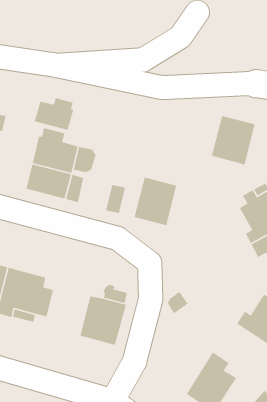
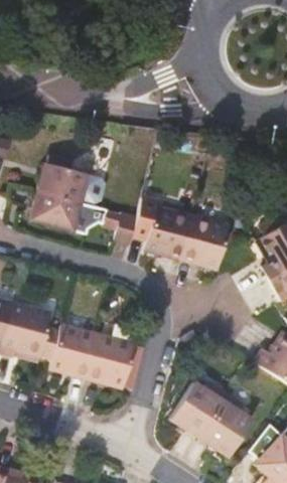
building: [34,97,74,131] -> none
building: [211,115,256,166] -> [178,215,226,269]
building: none -> [48,322,97,375]
building: none -> [169,381,227,437]

